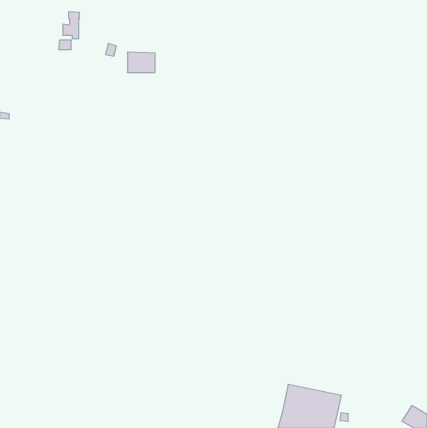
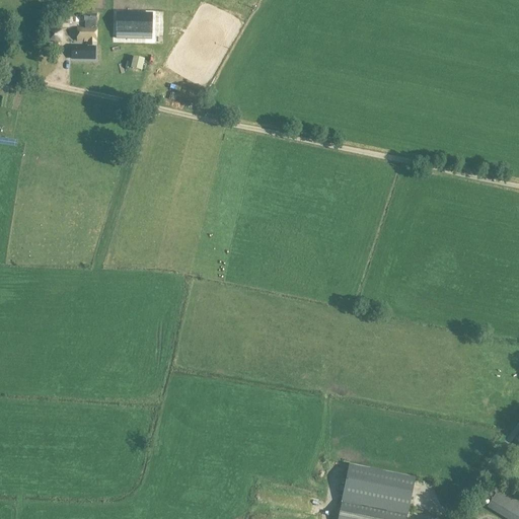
building: [127,52,155,72] -> [117,15,150,40]

